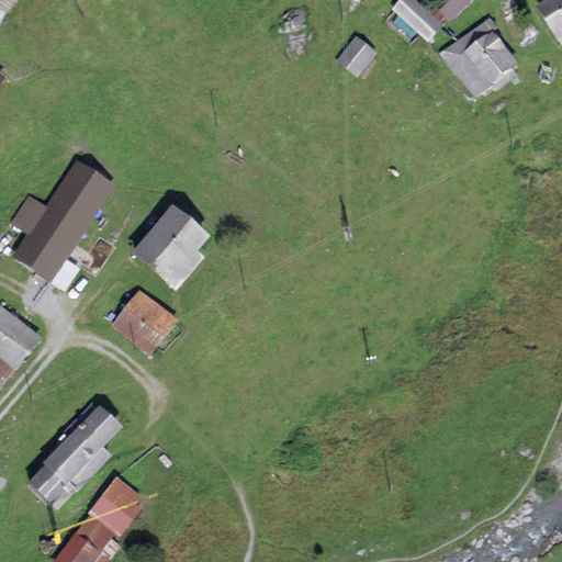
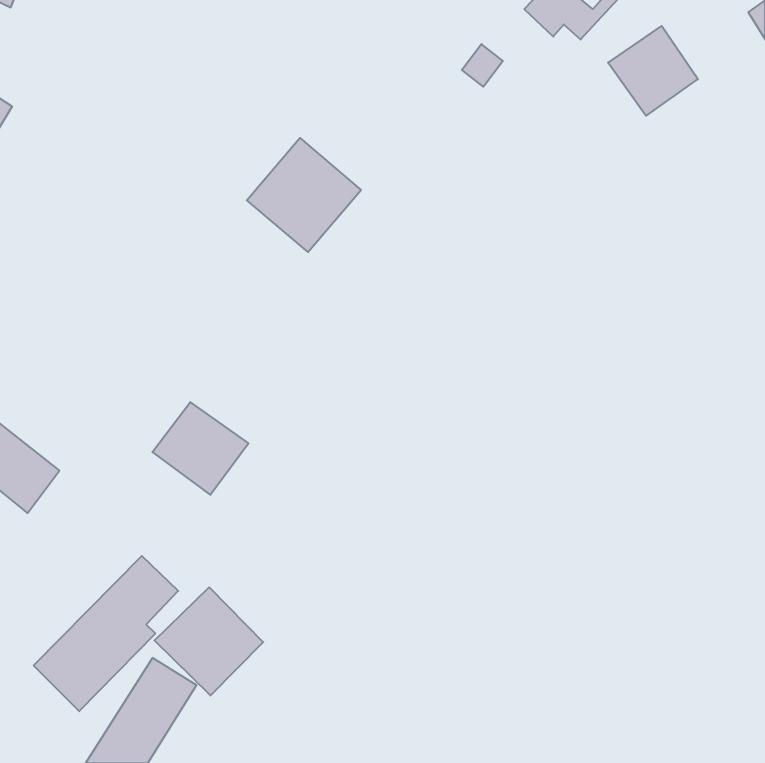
building: [4,165,113,281] -> none
building: [138,203,221,285] -> [247,138,361,252]
building: none -> [154,587,263,696]

